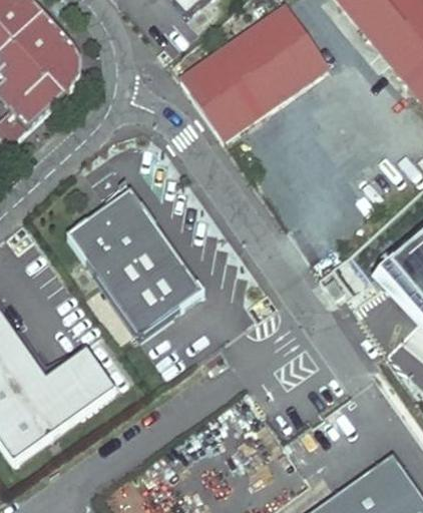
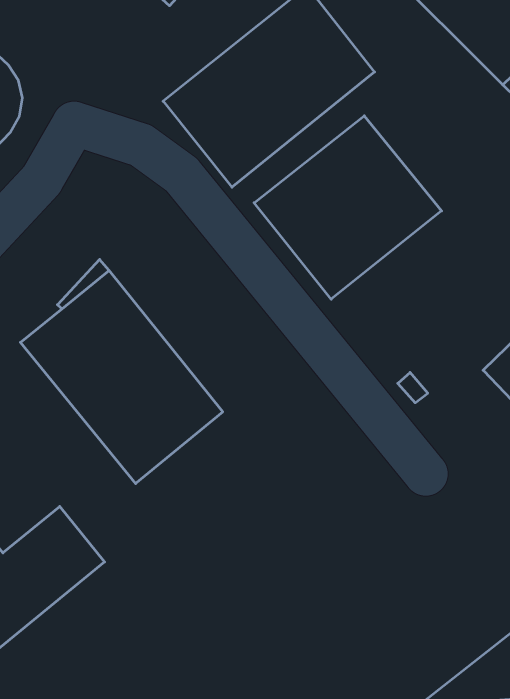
building: none -> [254,116,442,299]

